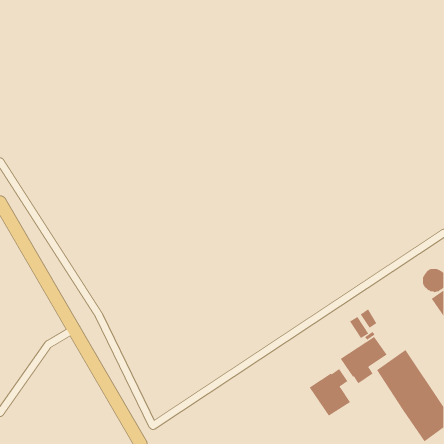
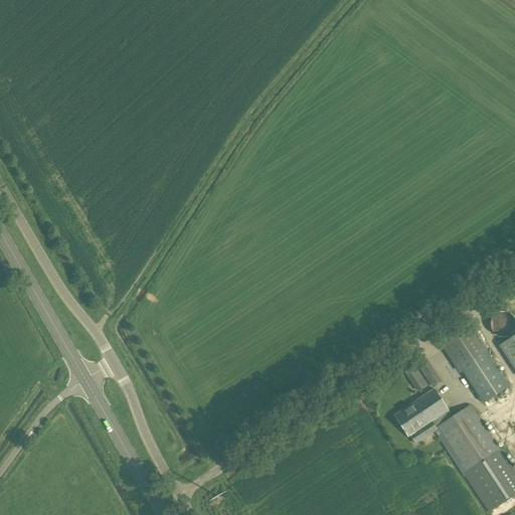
building: none -> [446,330,509,403]
building: [309,368,351,416] -> none

